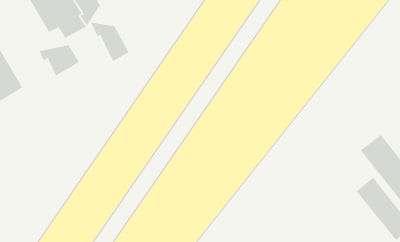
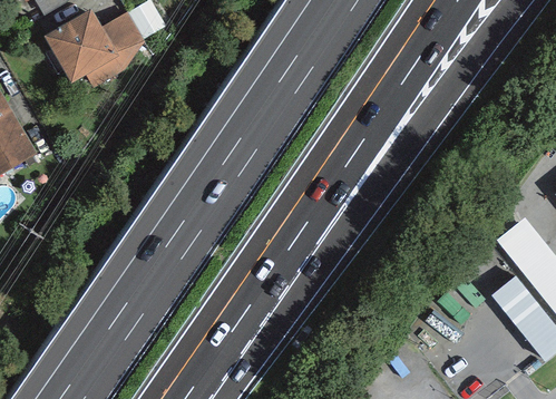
building: [90,22,129,62] -> none
building: [39,45,79,77] -> none

